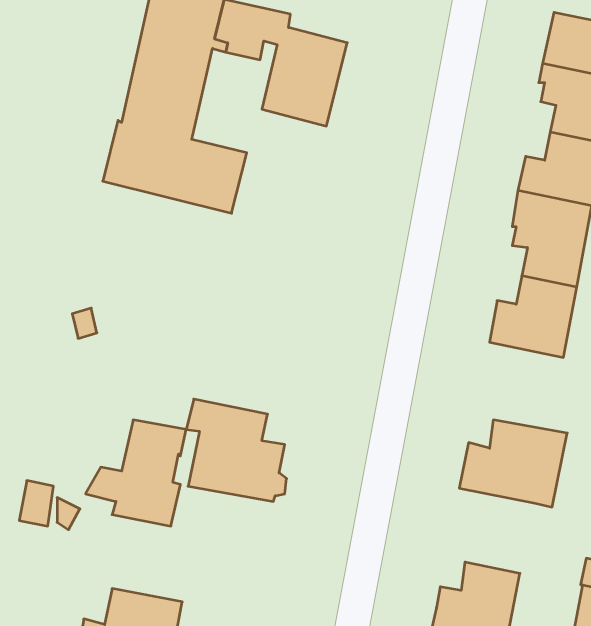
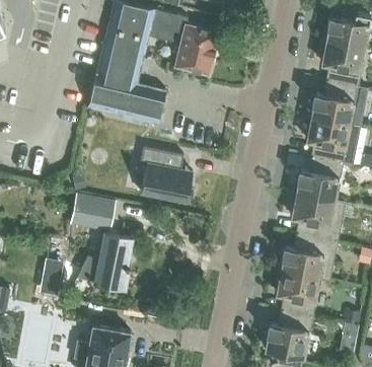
building: none -> [292,194,344,242]
building: none -> [73,195,115,222]
building: [186,399,287,501] -> [140,148,194,203]
building: none -> [277,272,319,317]

